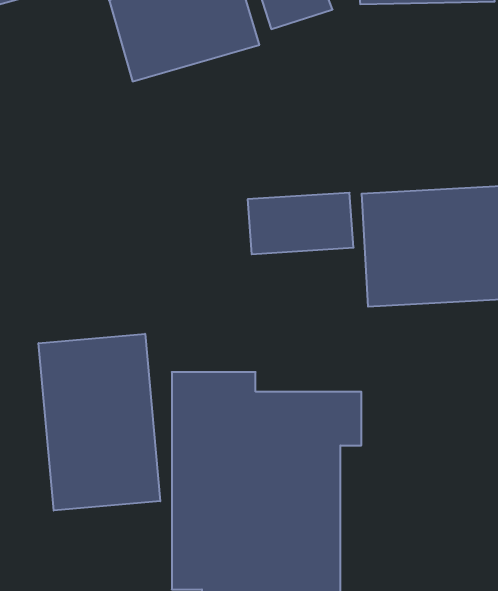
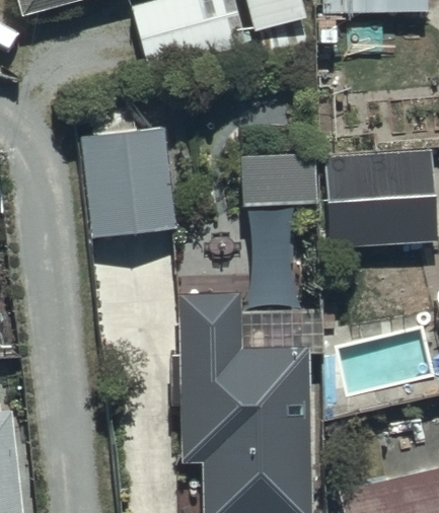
building: none -> [82,126,179,236]
building: [39,334,160,511] -> none

